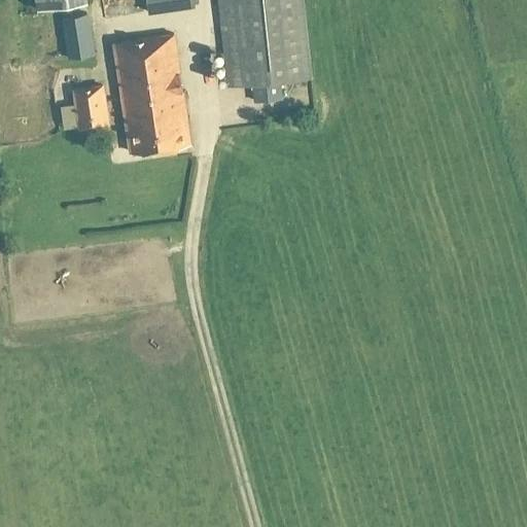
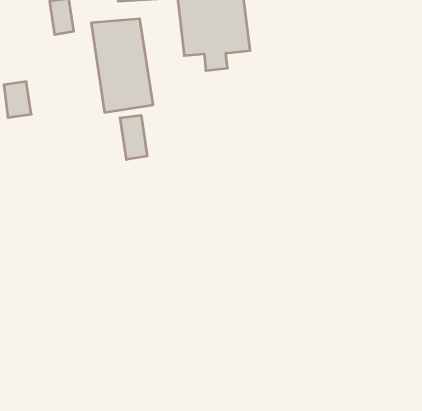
building: [74,84,108,129] -> [4,82,31,118]
building: none -> [120,115,147,160]

